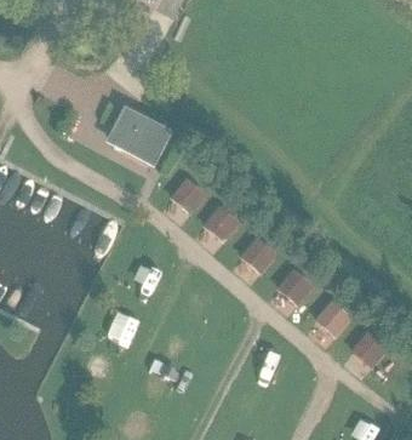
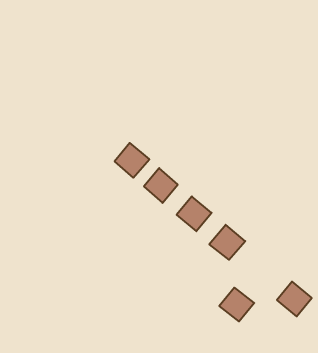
building: [113,108,171,162] -> none
building: [314,299,353,337] -> [219,288,254,321]

